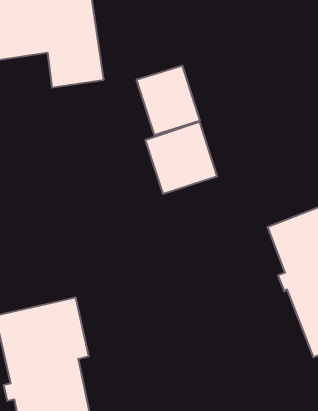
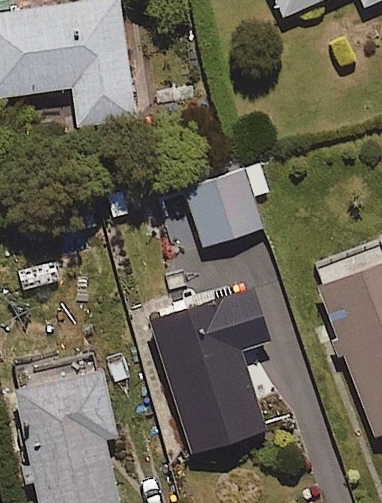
building: [137,66,200,135] -> none
building: none -> [148,284,273,453]

